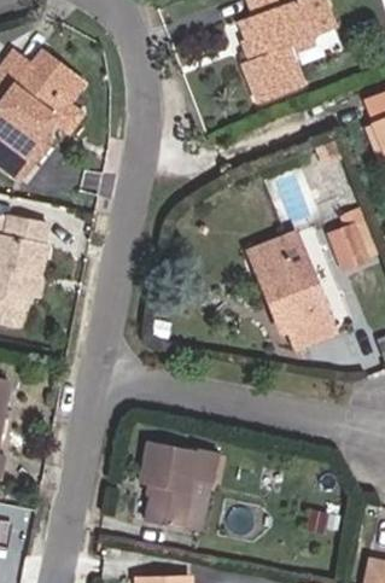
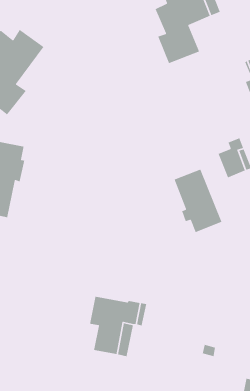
building: [247,232,304,316] -> none

